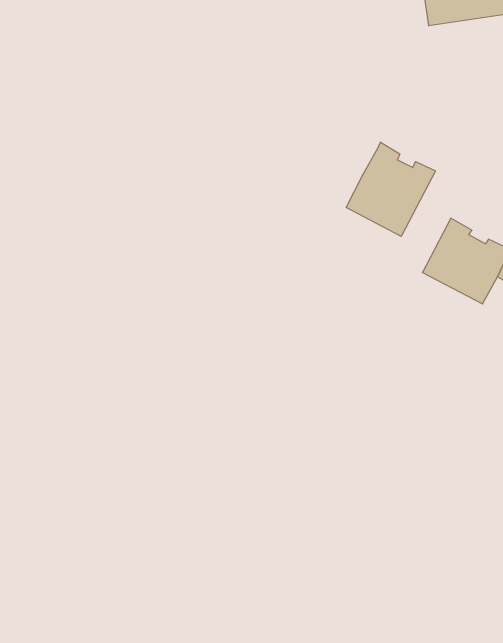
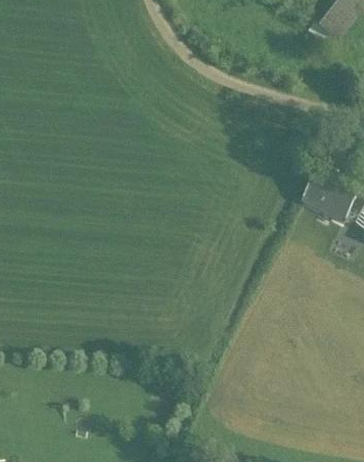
building: [346,142,435,236] -> none

